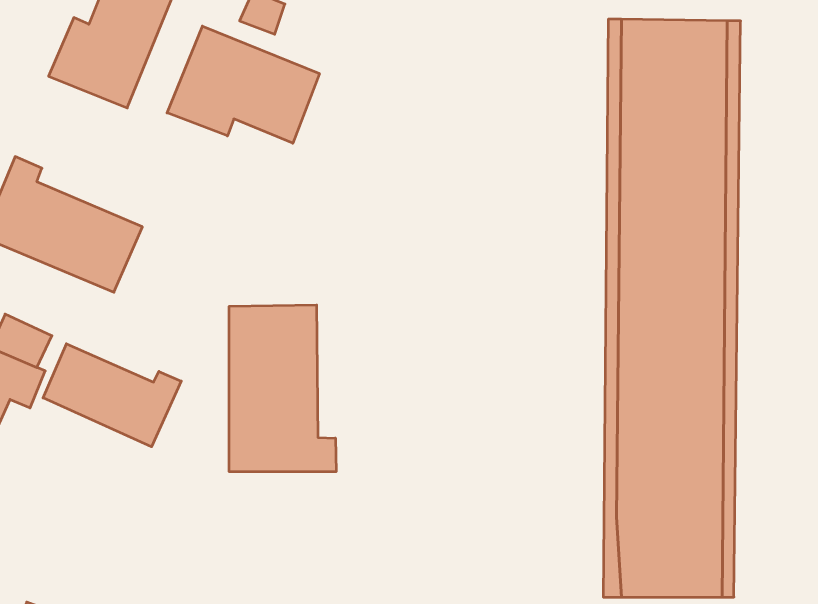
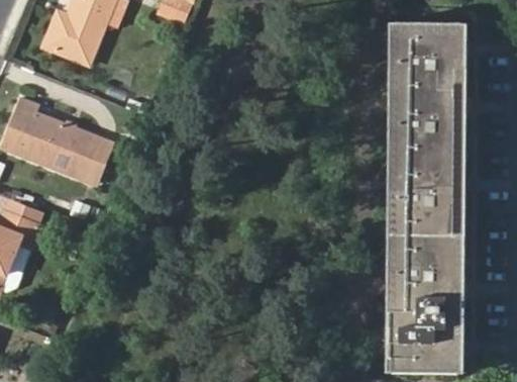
building: [167,26,319,143] -> none
building: [229,305,336,472] -> none
building: [43,344,181,447] -> none

